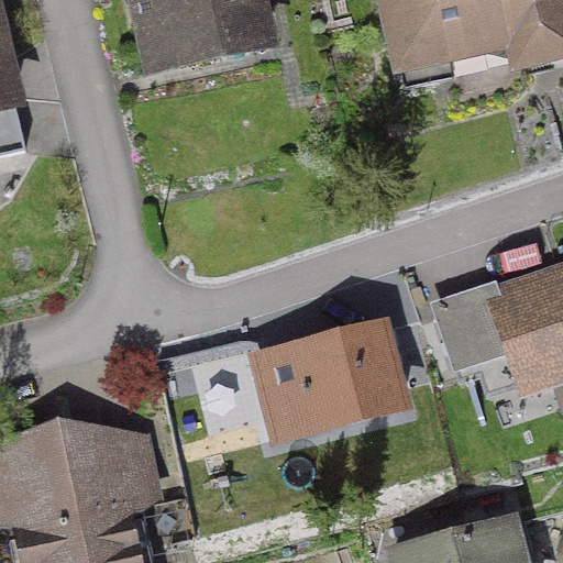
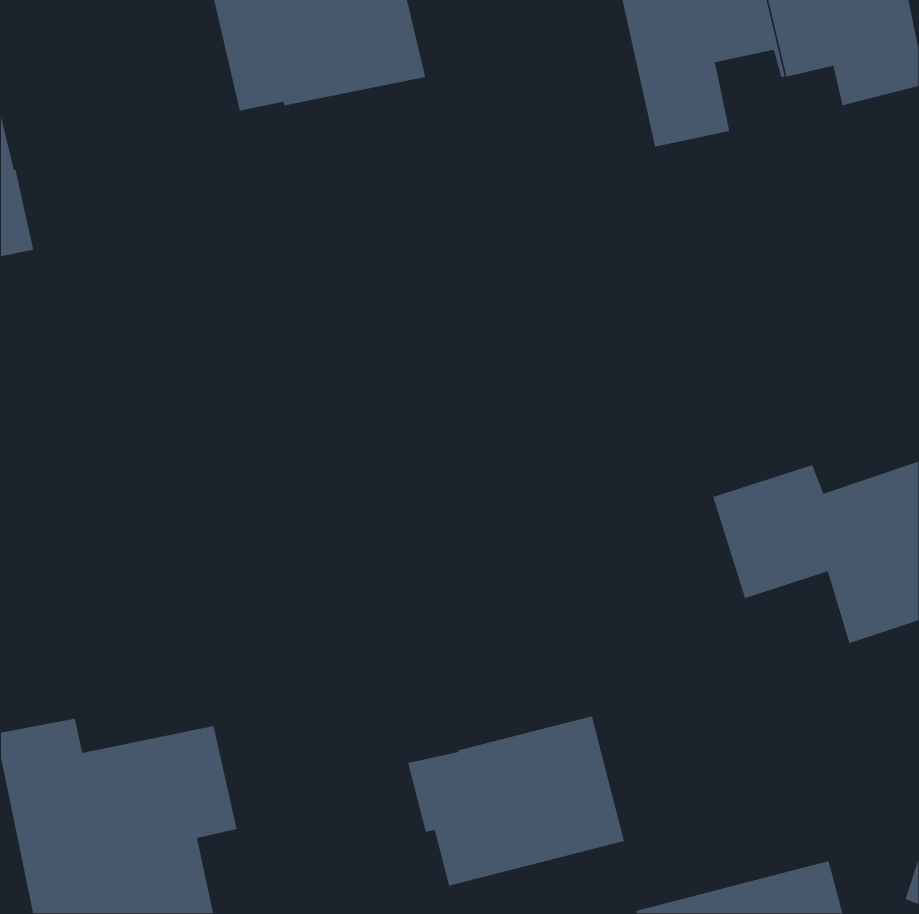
building: [264,331,397,435] -> [407,716,625,887]

